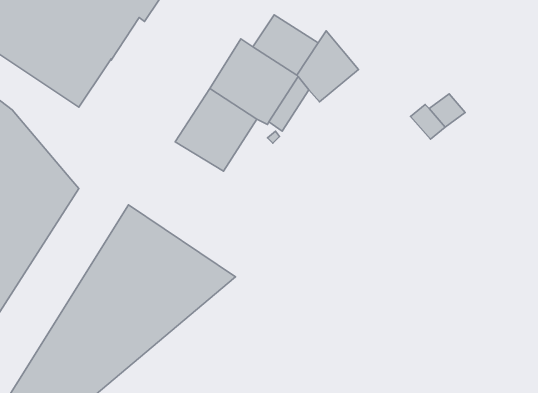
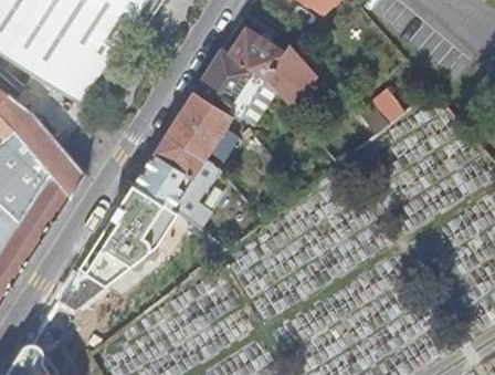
building: none -> [128,136,211,229]

